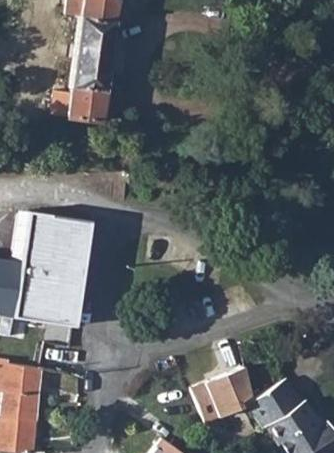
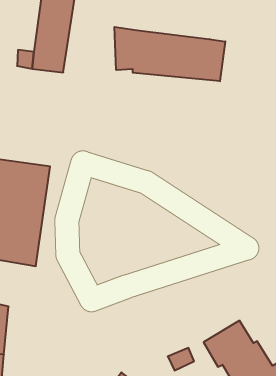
building: none -> [114,27,225,81]
building: [190,362,250,422] -> none

